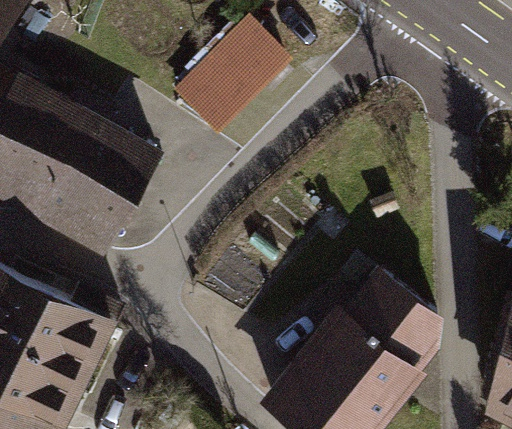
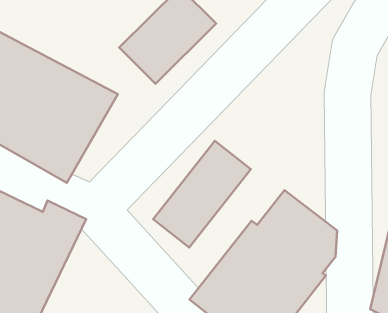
building: none -> [153,141,251,247]

